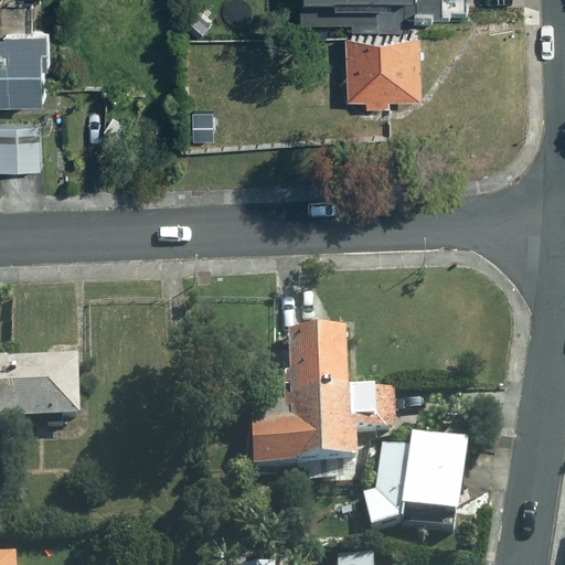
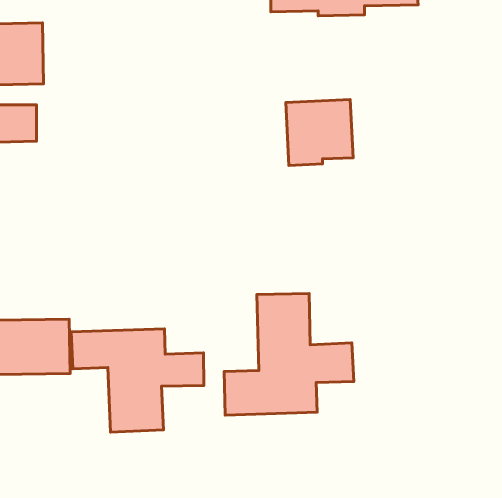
building: [348,24,423,98] -> [286,99,353,166]
building: none -> [71,329,204,432]
building: [362,431,466,530] -> none

